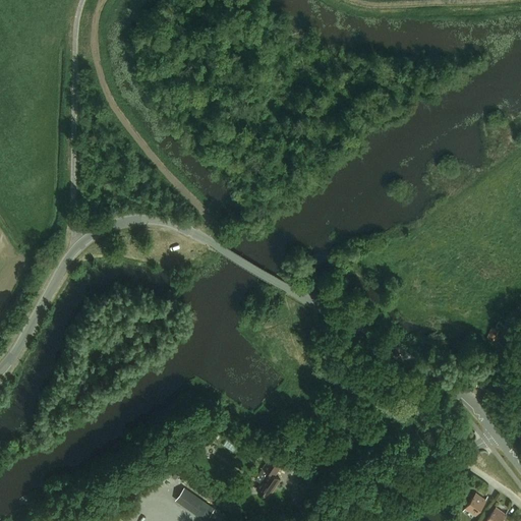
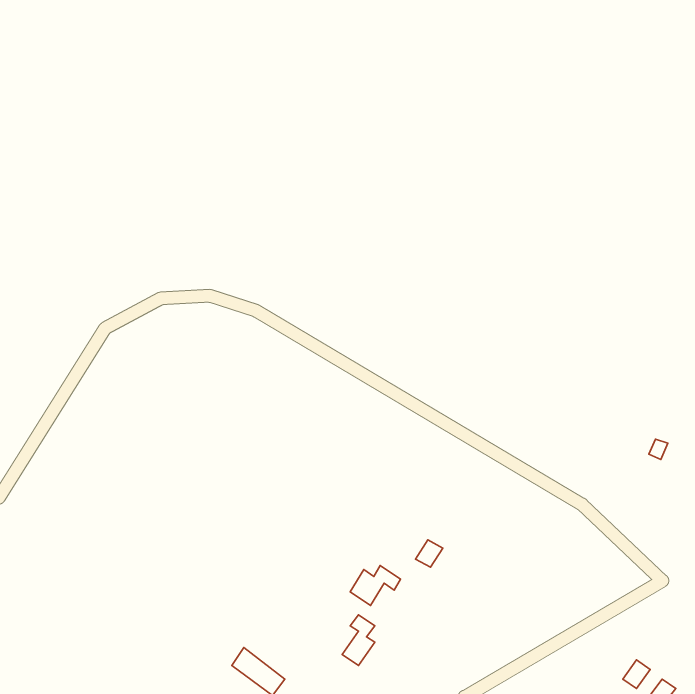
building: none -> [350,566,400,605]

